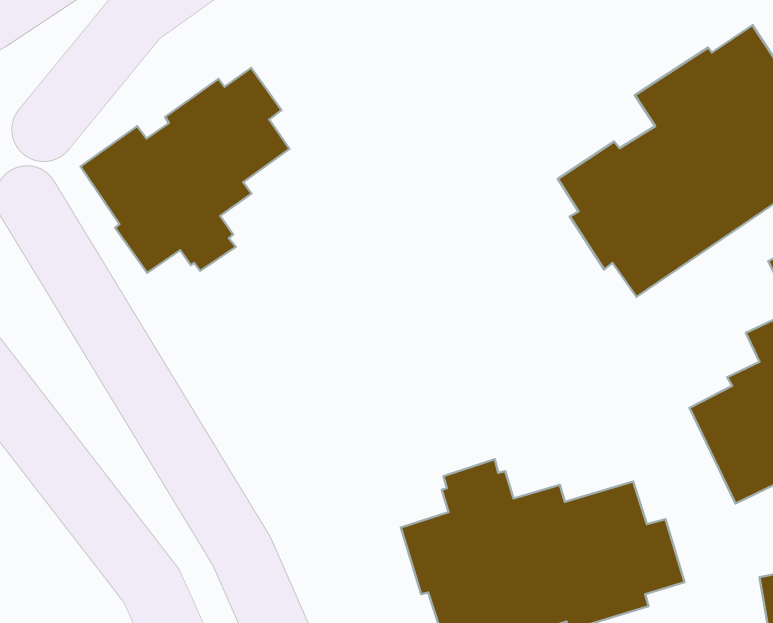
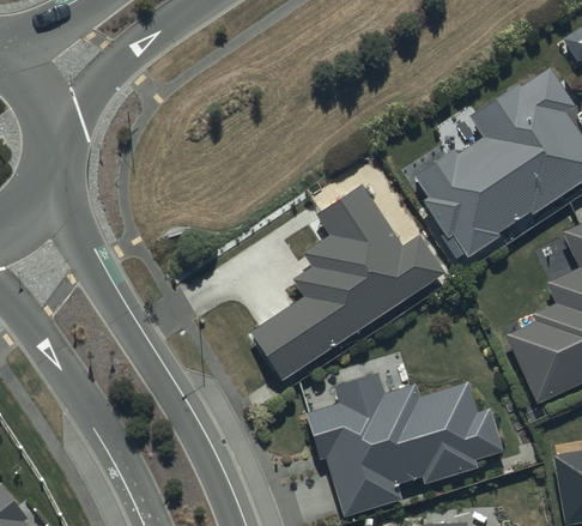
building: [80,68,289,273] -> none
building: none -> [253,182,445,379]

